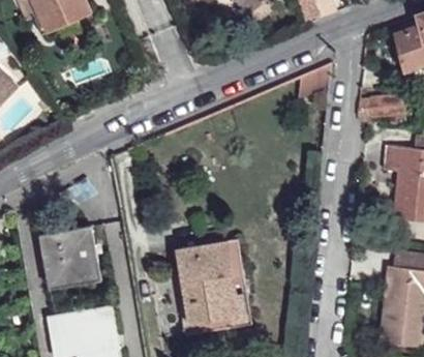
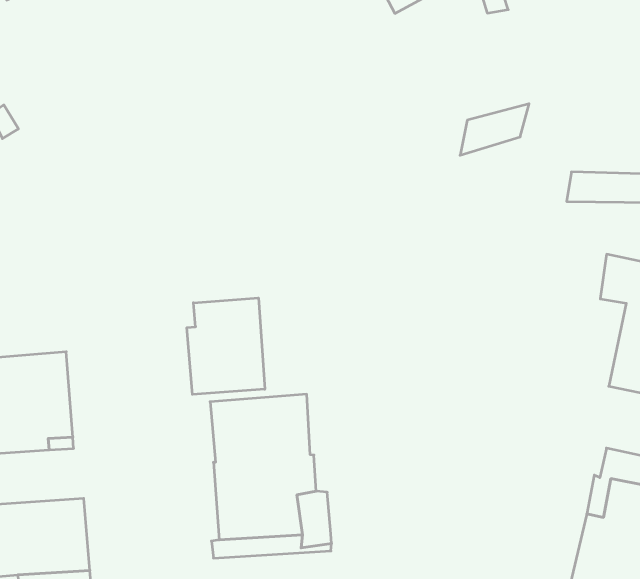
building: none -> [187,298,265,394]

